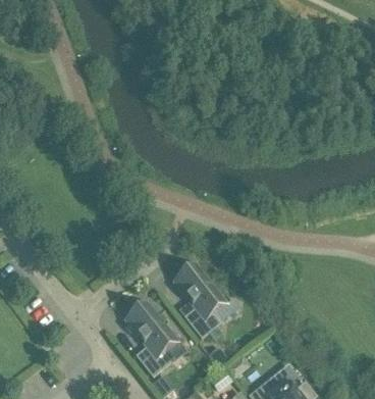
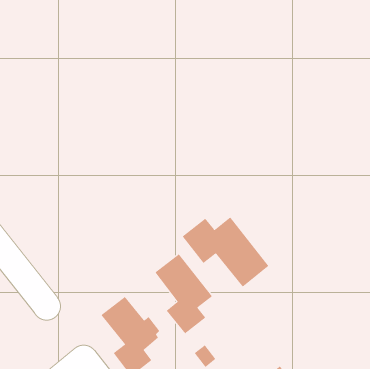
building: none -> [182,217,269,288]

